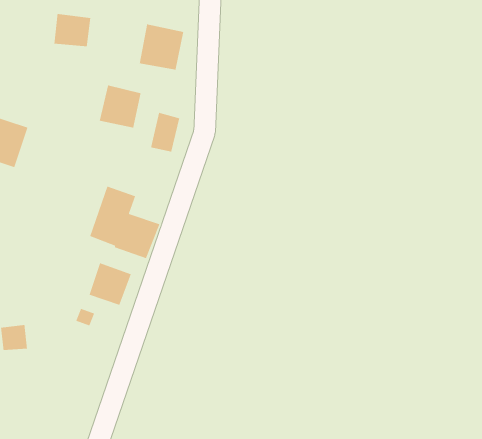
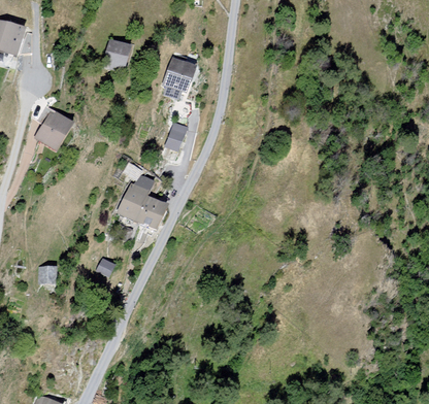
building: [99,85,142,128] -> none
building: [89,262,132,306] -> none

